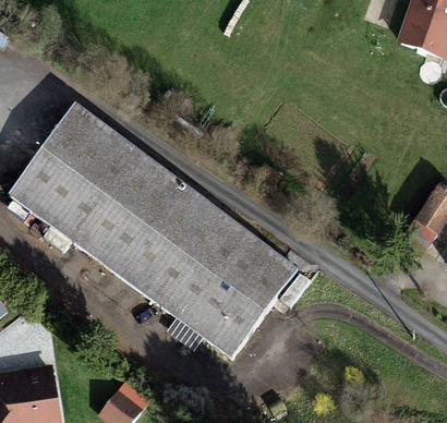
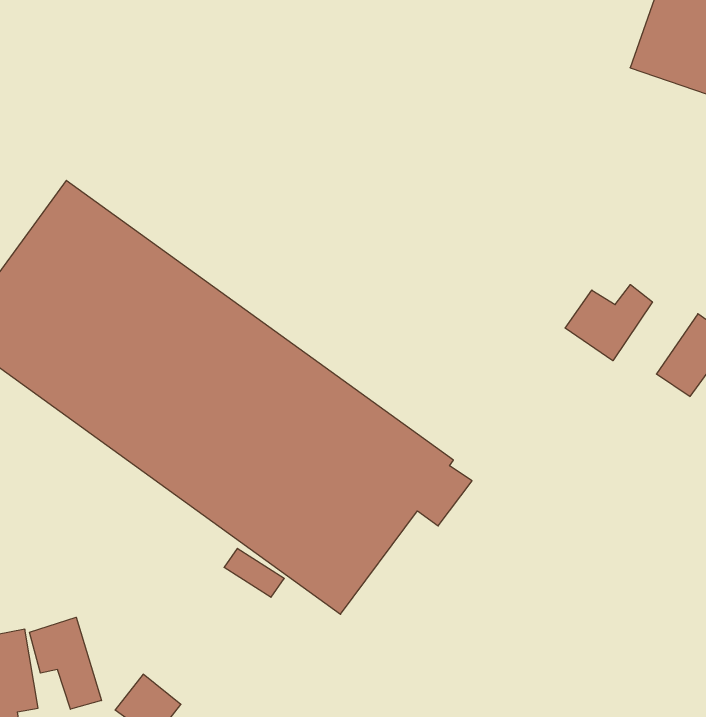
building: none -> [565,285,652,361]
building: none -> [29,617,101,709]

